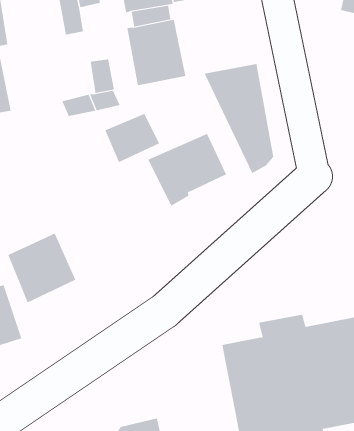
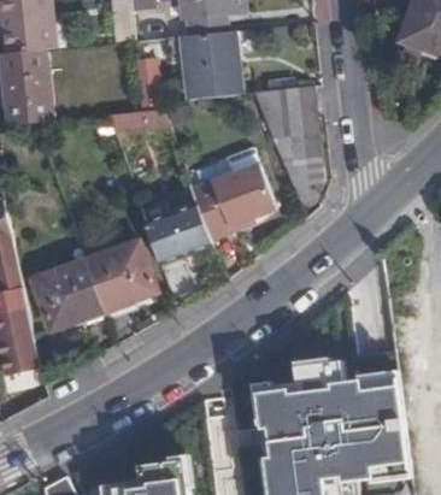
building: [104,113,160,163] -> [142,204,200,254]
building: none -> [86,236,154,306]

